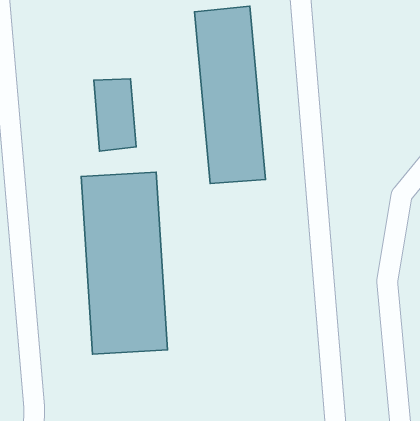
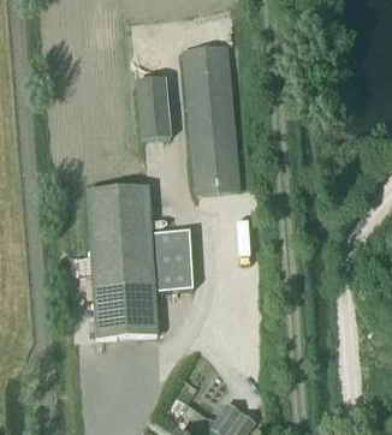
building: [94,79,136,151] -> [136,78,172,139]
building: none -> [156,227,190,286]

